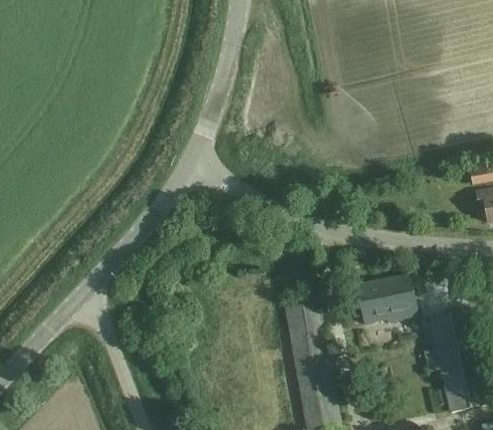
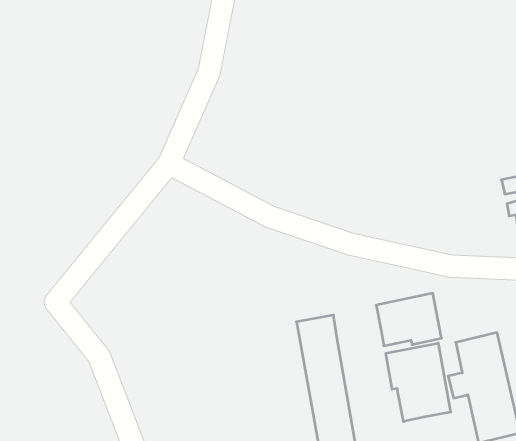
building: none -> [386,343,451,422]

